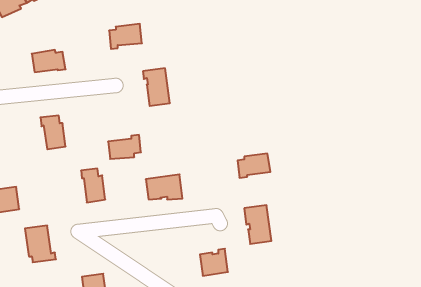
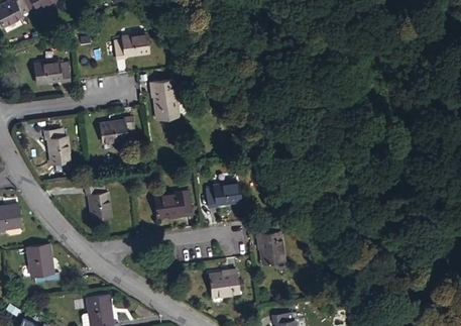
building: [108,135,141,159] -> [100,117,134,142]
building: [238,154,270,178] -> [207,183,241,208]

